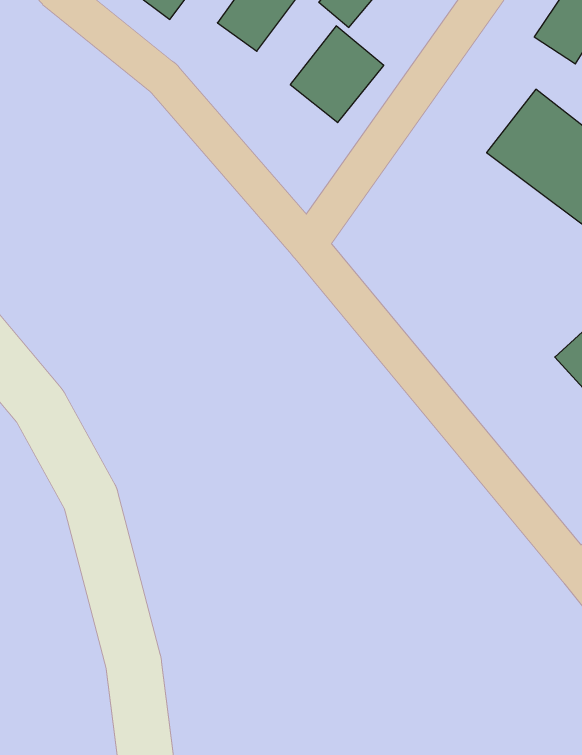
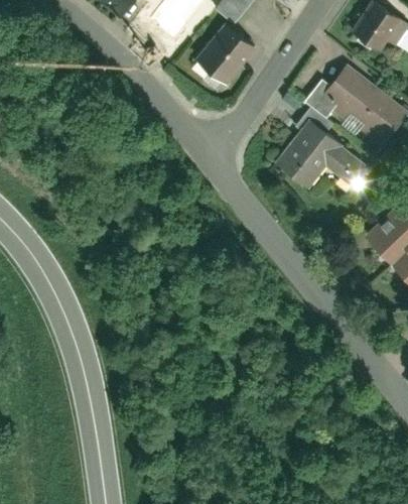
building: none -> [274,116,372,191]

